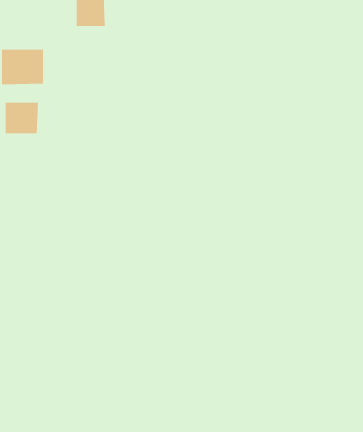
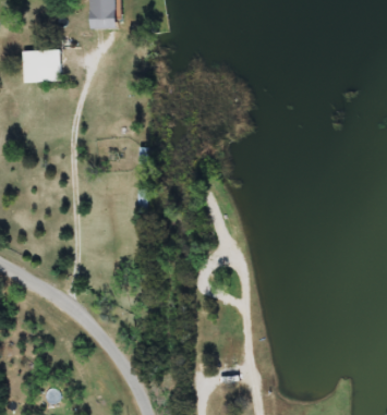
building: [5,102,38,134] -> none

